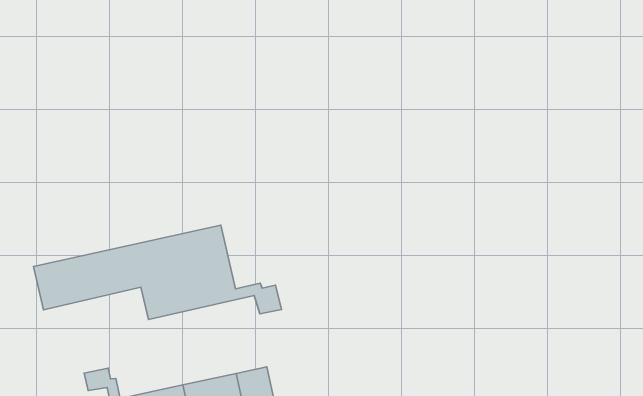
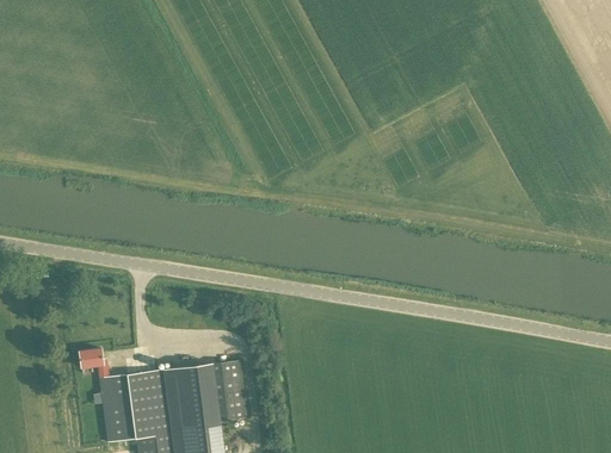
building: [33,225,282,320] -> none

